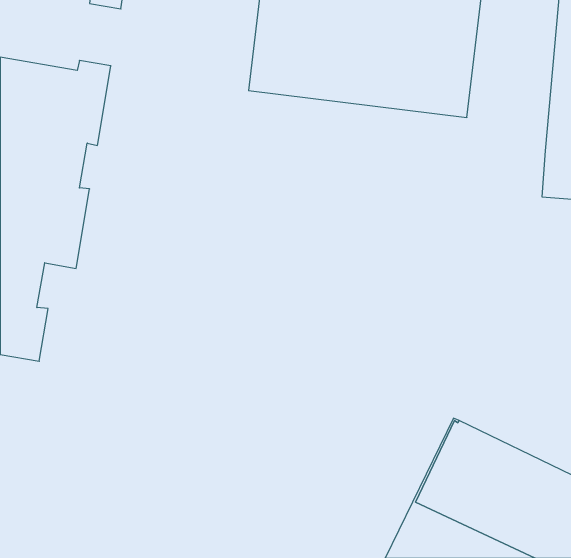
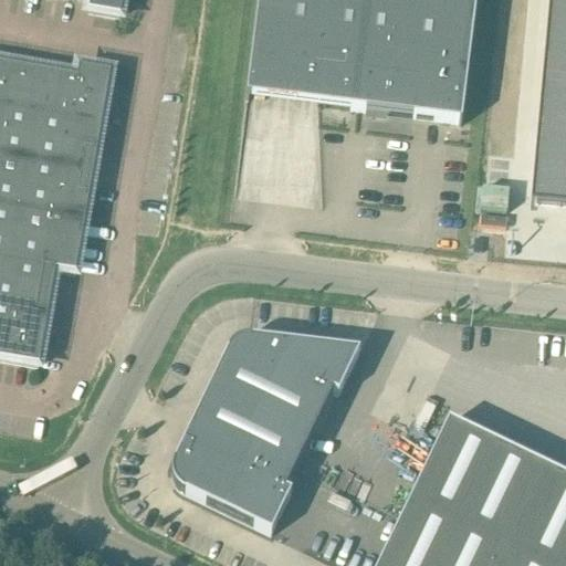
building: none -> [172,331,360,526]

